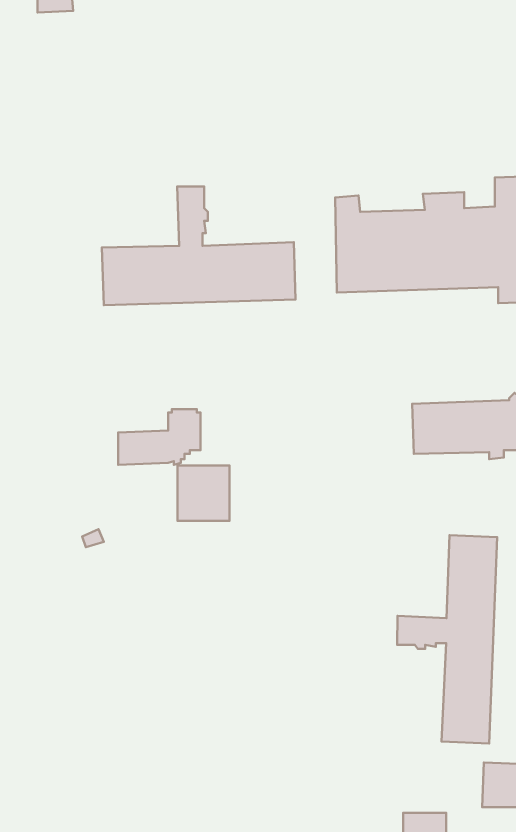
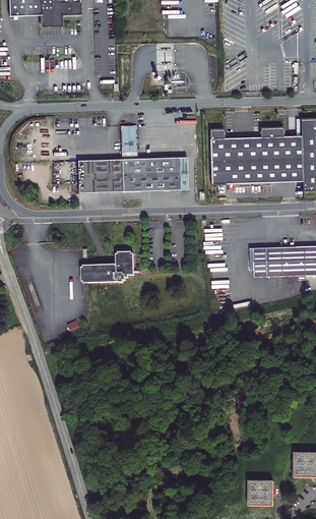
building: [178,466,230,521] -> none
building: [397,535,497,744] -> none

